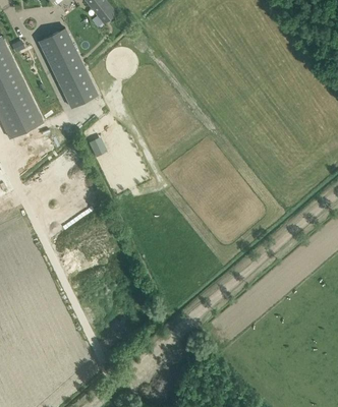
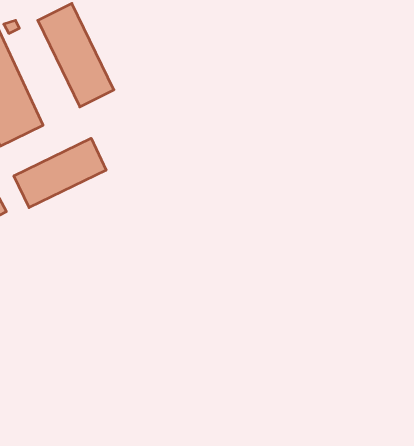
building: none -> [14,138,106,208]

